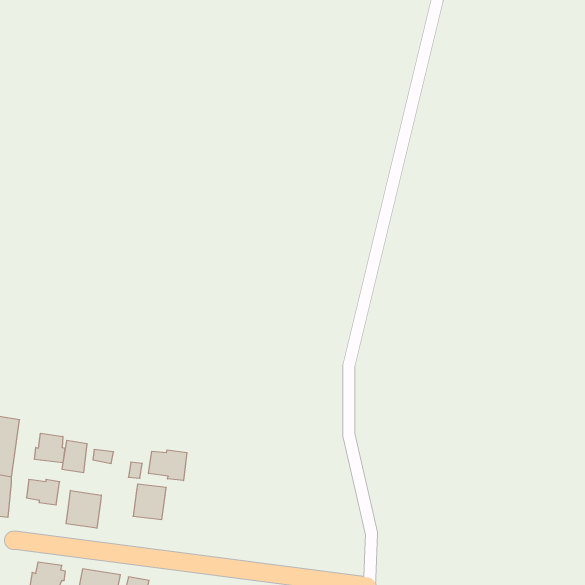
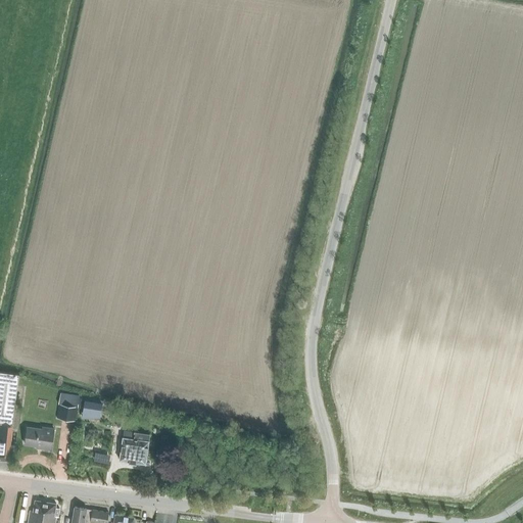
building: [35,433,65,463] -> none
building: [149,450,187,481] -> none
building: [66,490,101,528] -> none

